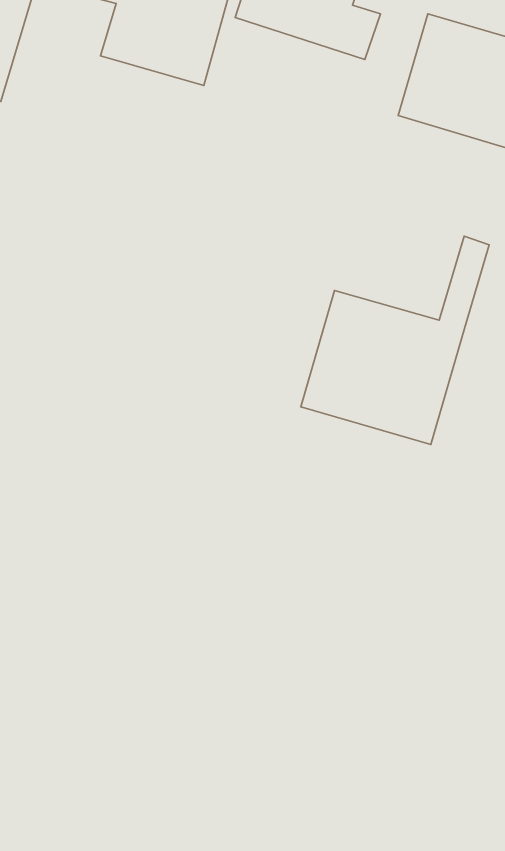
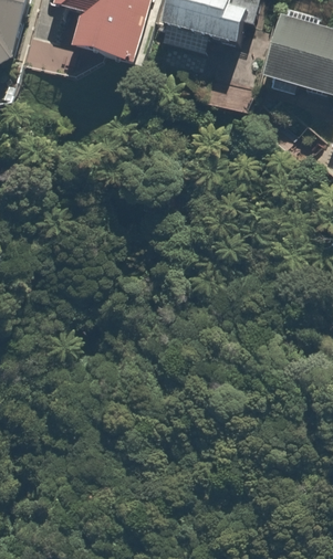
building: [301,236,489,445] -> none

